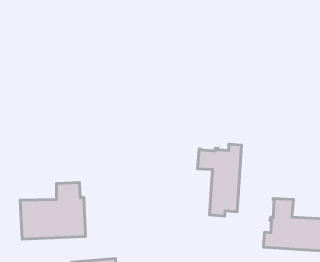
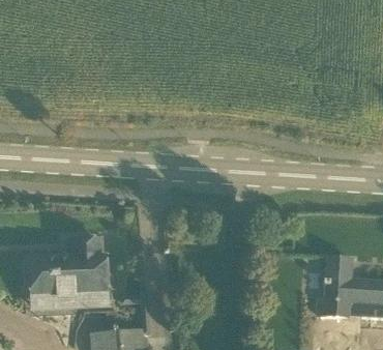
building: [197,144,242,216] -> none

